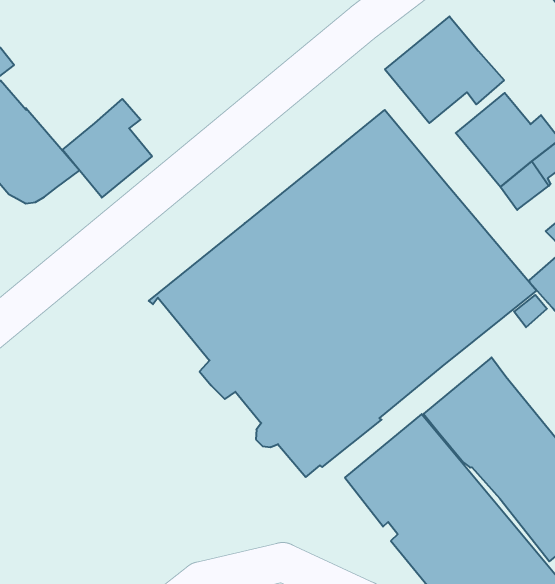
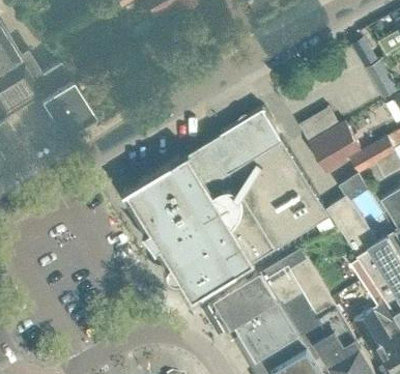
building: [385,16,504,123] -> none
building: [63,99,152,198] -> none

